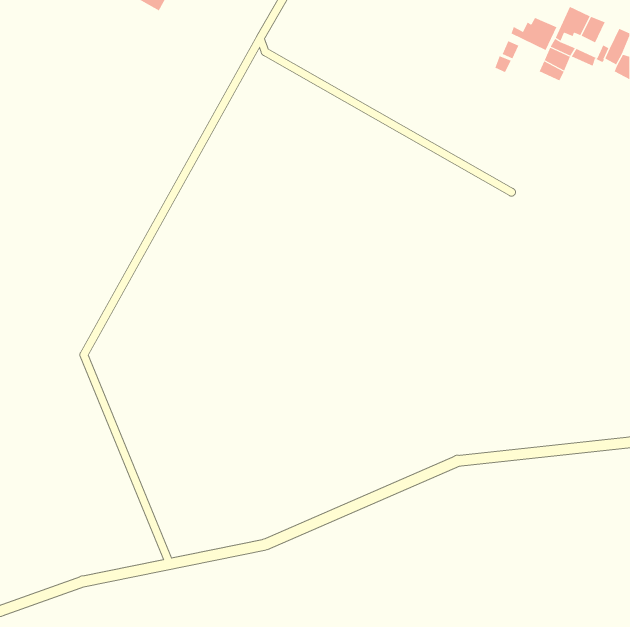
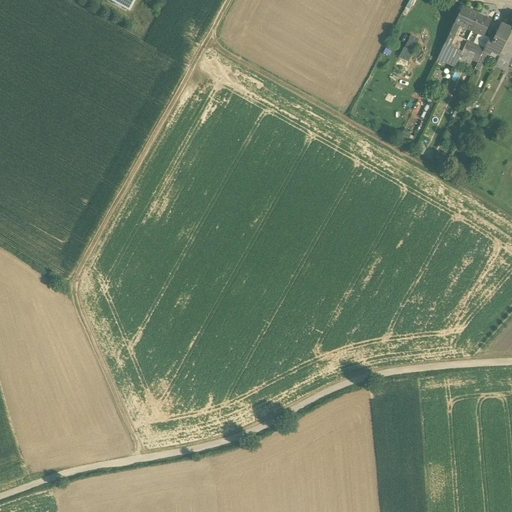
building: [511,17,557,51] -> none

